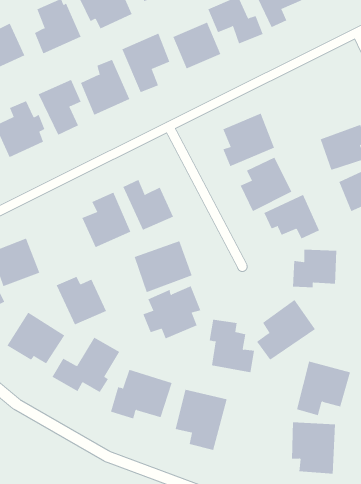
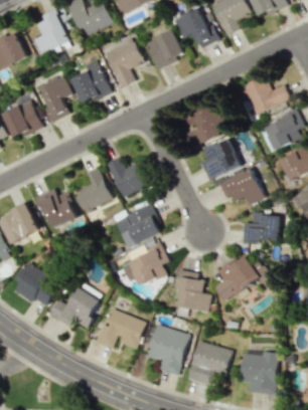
building: none -> [241,76,289,116]
building: [56,276,107,325] -> [36,189,78,228]
building: [296,361,351,416] -> [187,341,232,385]

